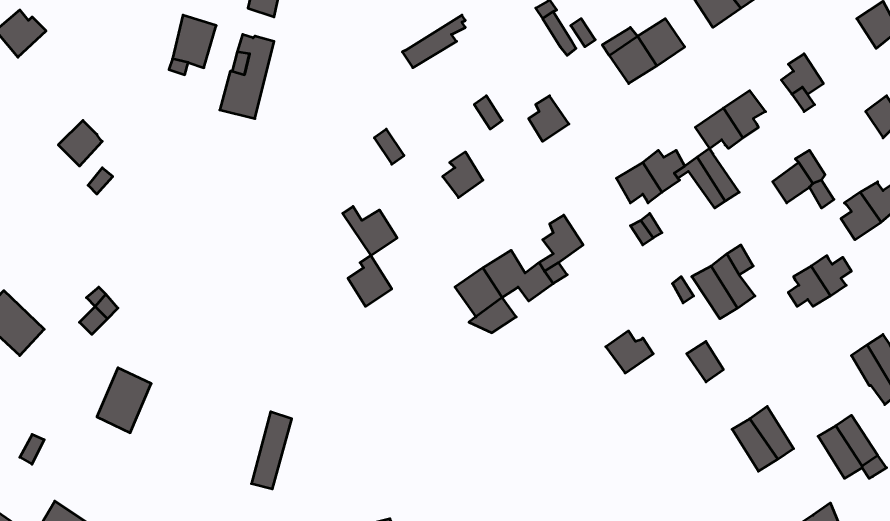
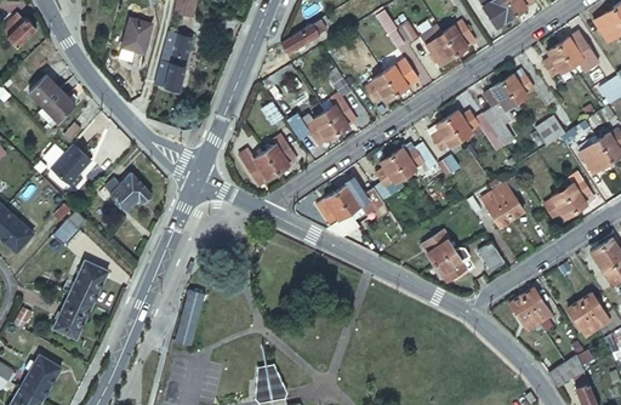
building: none -> [559,30,599,69]
building: none -> [383,59,416,92]
building: none -> [29,74,61,107]
building: none -> [325,99,357,131]
building: none -> [393,141,437,176]
building: none -> [51,143,90,188]
building: none -> [104,171,150,209]
building: [348,256,392,306] -> [266,136,296,171]
building: none -> [435,247,467,284]
building: none -> [53,295,93,340]

